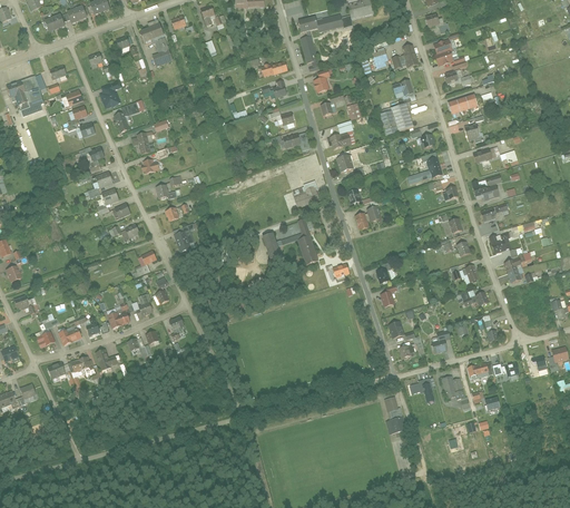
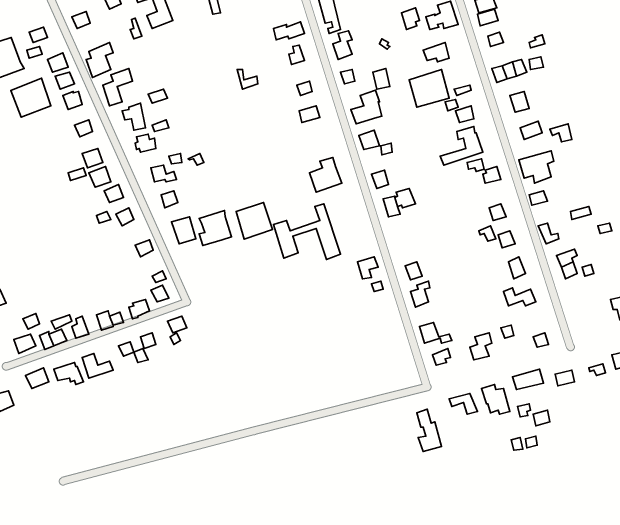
building: none -> [11,78,51,117]
building: none -> [236,203,272,239]
building: none -> [199,211,232,246]

